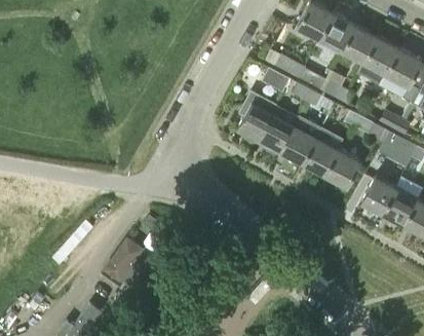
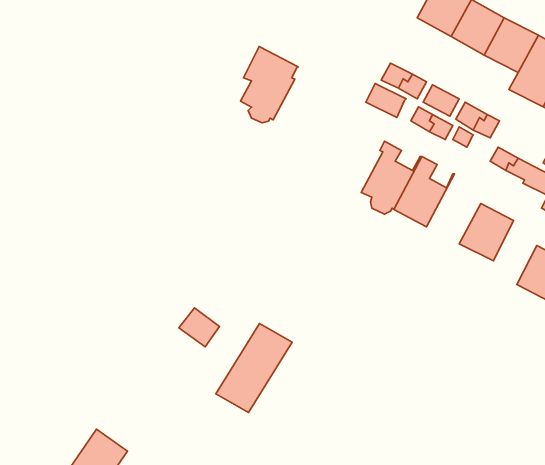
building: [239,91,277,142] -> [240,47,298,123]
building: [304,127,340,174] -> none
building: [98,232,148,291] -> [216,324,292,412]

